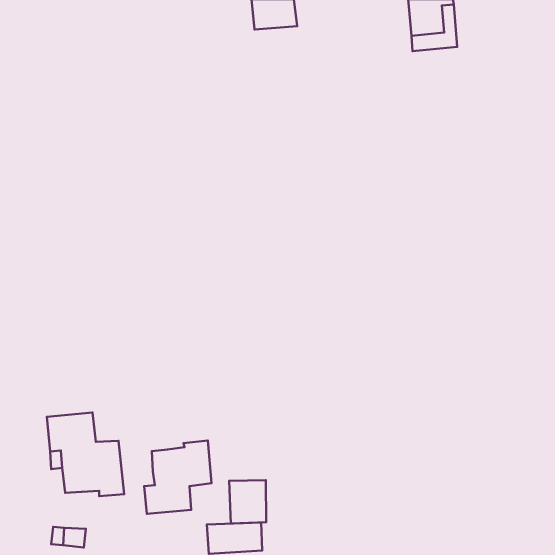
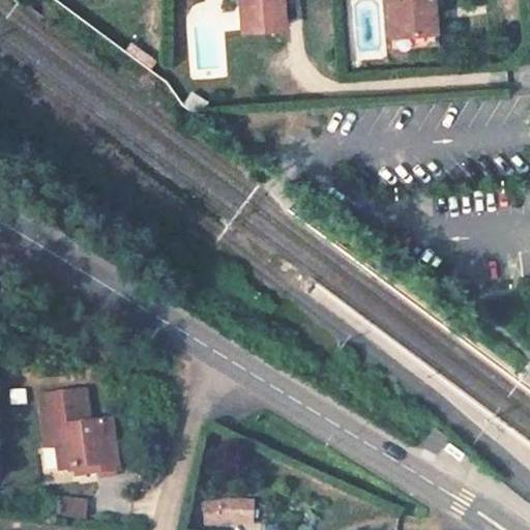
building: [144,441,211,514] -> none
building: [229,480,266,524] -> none

